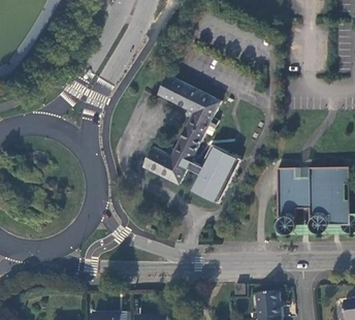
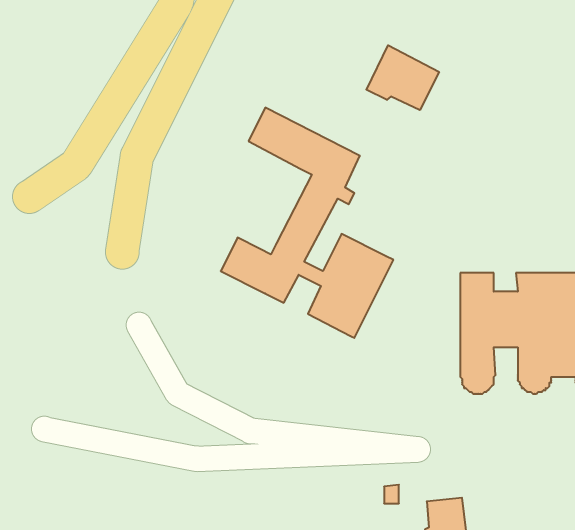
building: none -> [366,45,439,110]

